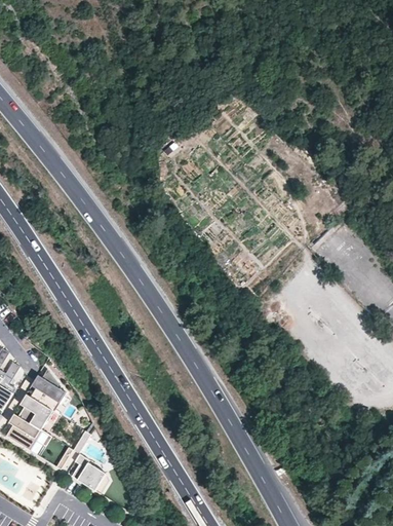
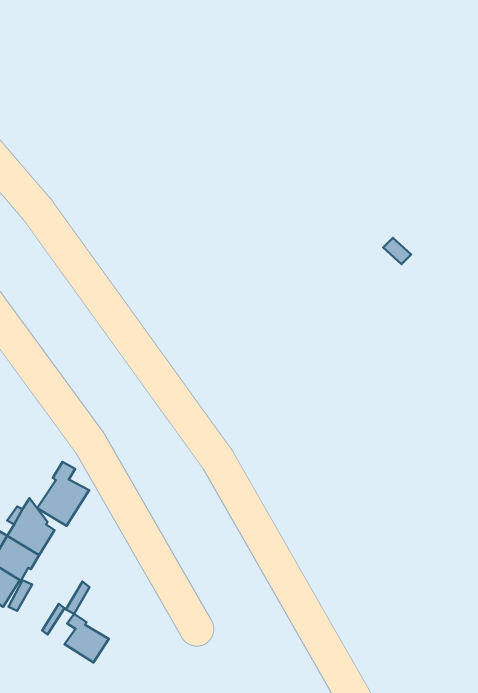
building: none -> [37,462,89,526]

